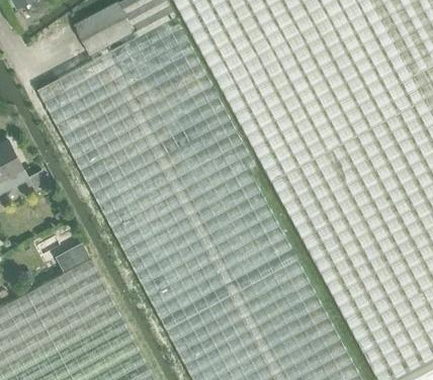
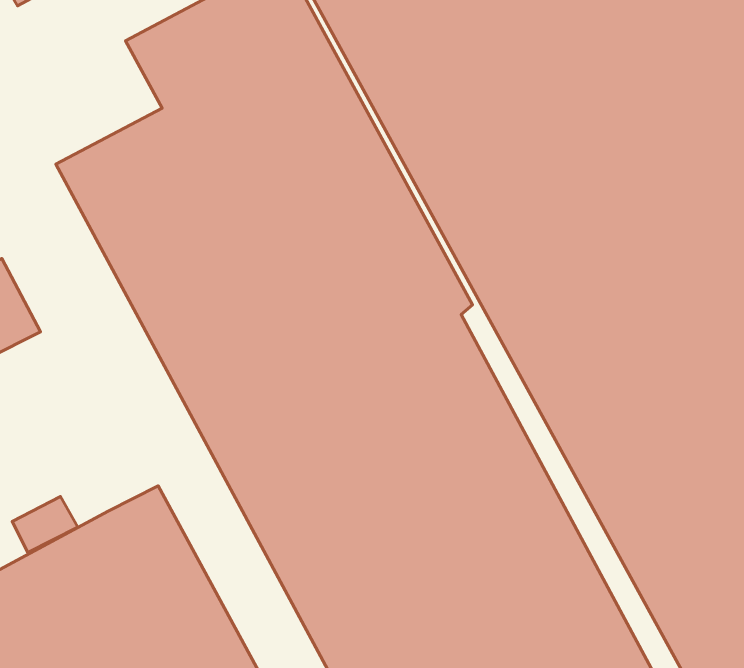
building: [56,243,90,272] -> [12,496,78,552]

